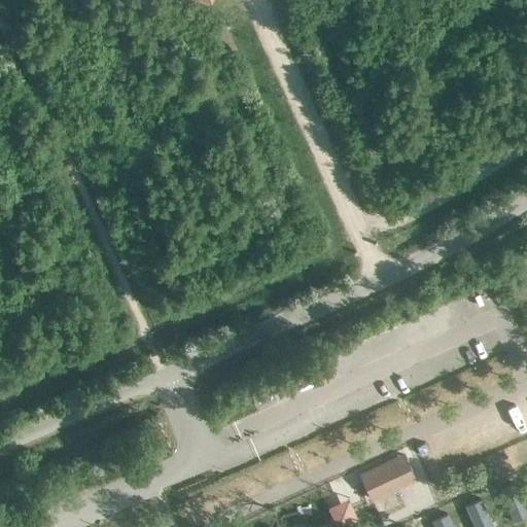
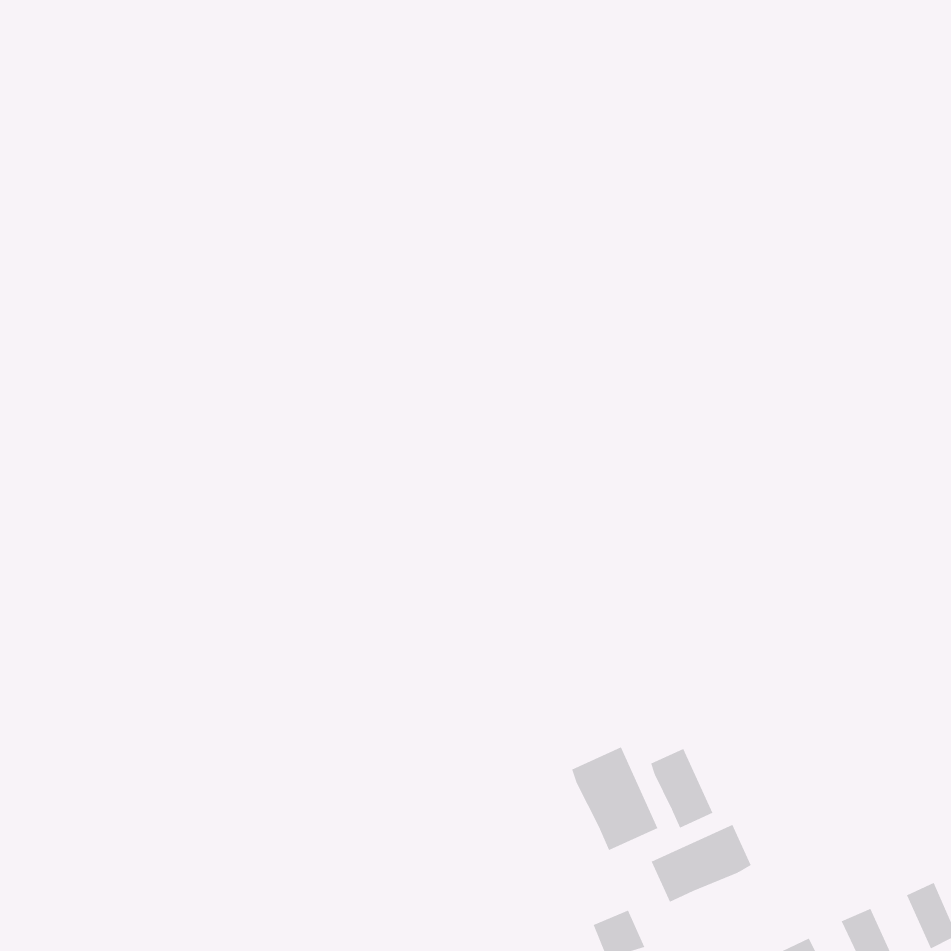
building: none -> [572,747,658,851]
building: none -> [650,748,713,828]

